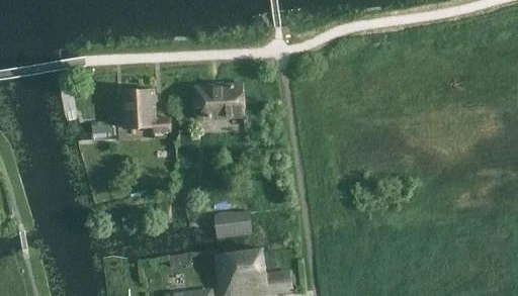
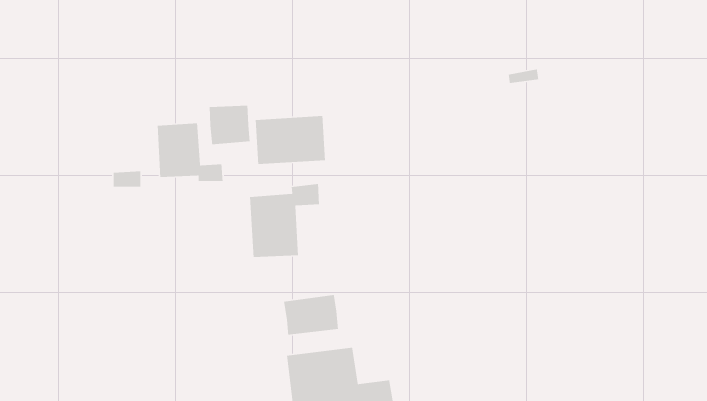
building: none -> [209,105,250,145]
building: none -> [249,183,320,258]

